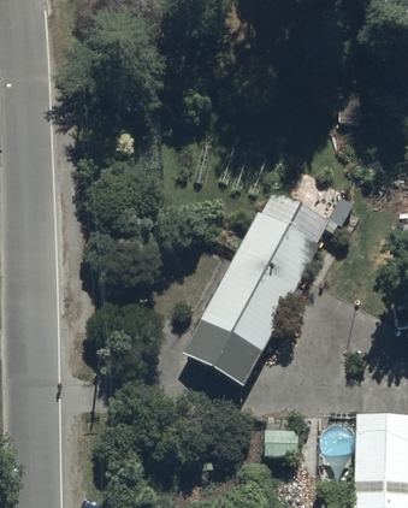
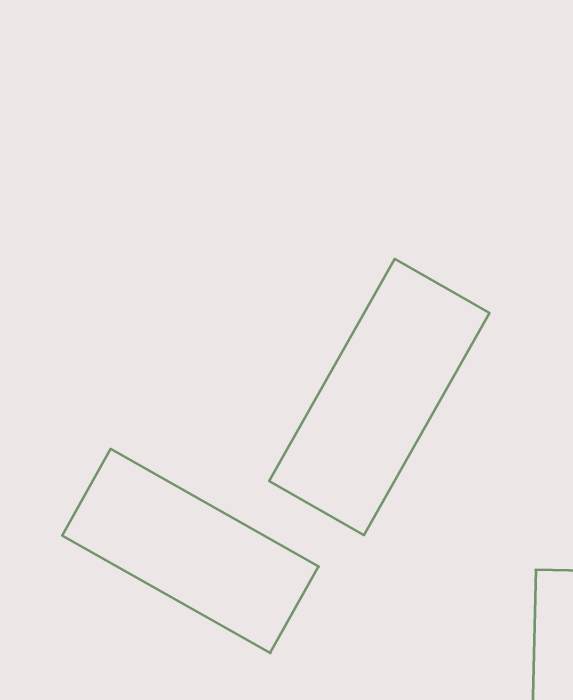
building: none -> [62,449,319,653]

